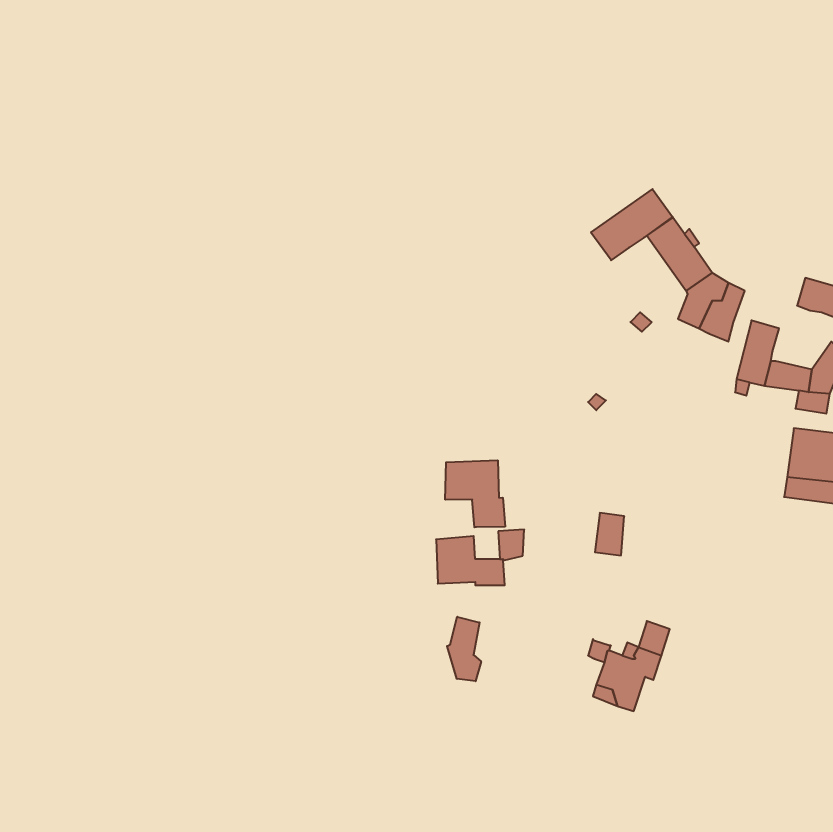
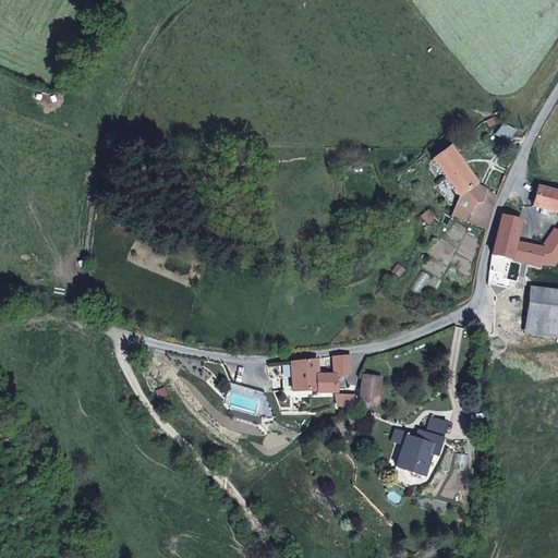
building: [591,189,673,260] -> none
building: [445,460,505,527] -> none
building: [595,513,624,555] -> [361,373,380,401]
building: [447,617,481,681] -> none

